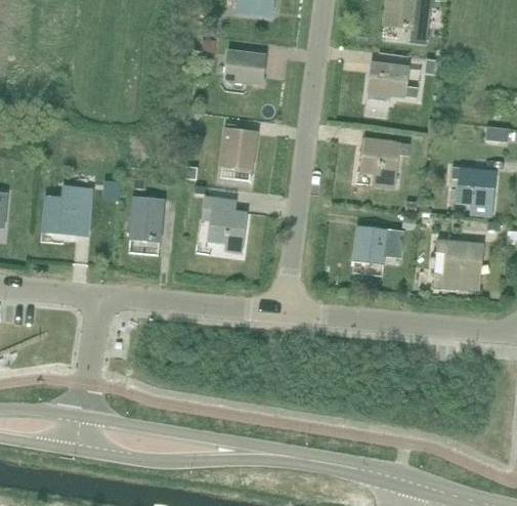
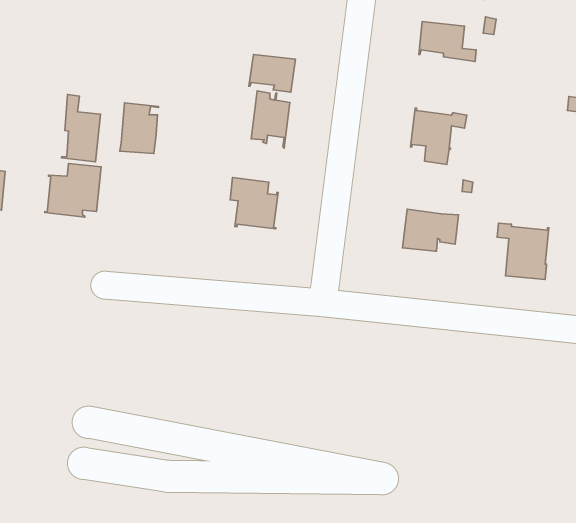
building: [224,51,265,84] -> [249,55,296,92]
building: none -> [62,95,101,162]
building: [450,167,493,204] -> none
building: [129,197,163,241] -> [120,103,159,153]

